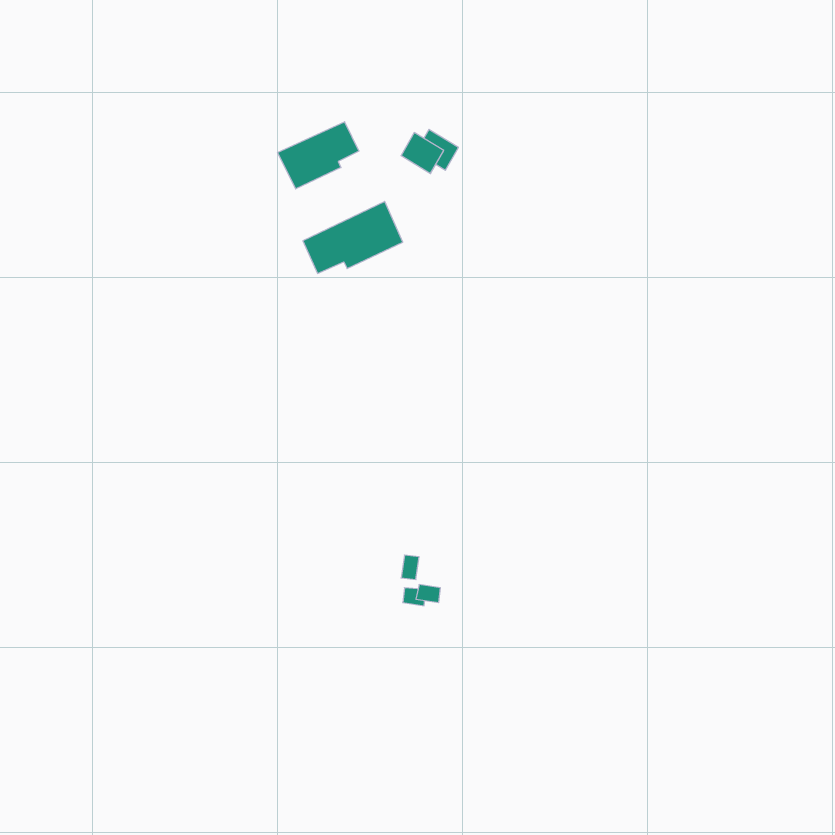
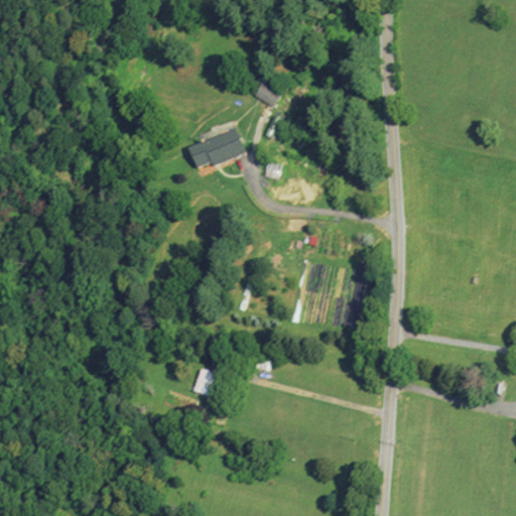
building: [278,122,359,189] -> none
building: none -> [194,370,218,398]

